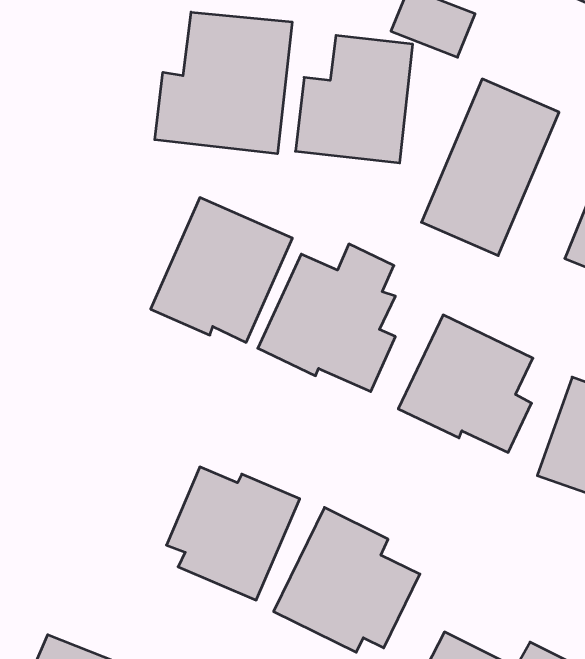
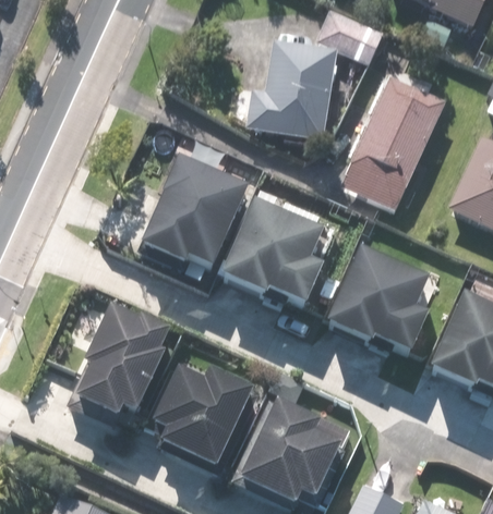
building: [155,12,292,154] -> none
building: none -> [70,306,172,420]

